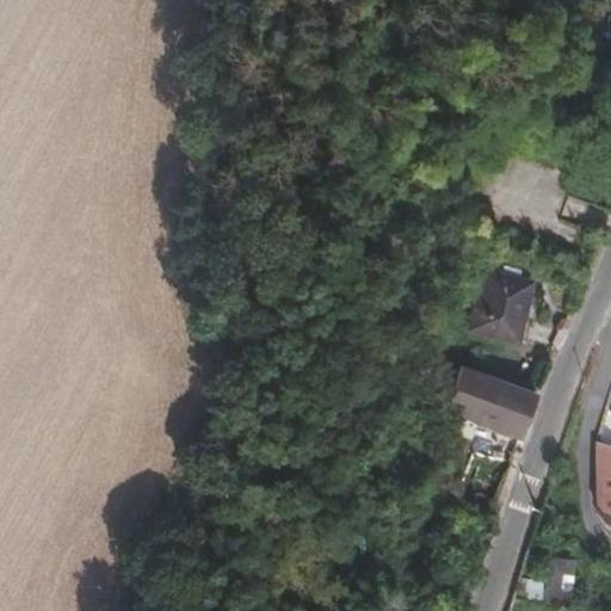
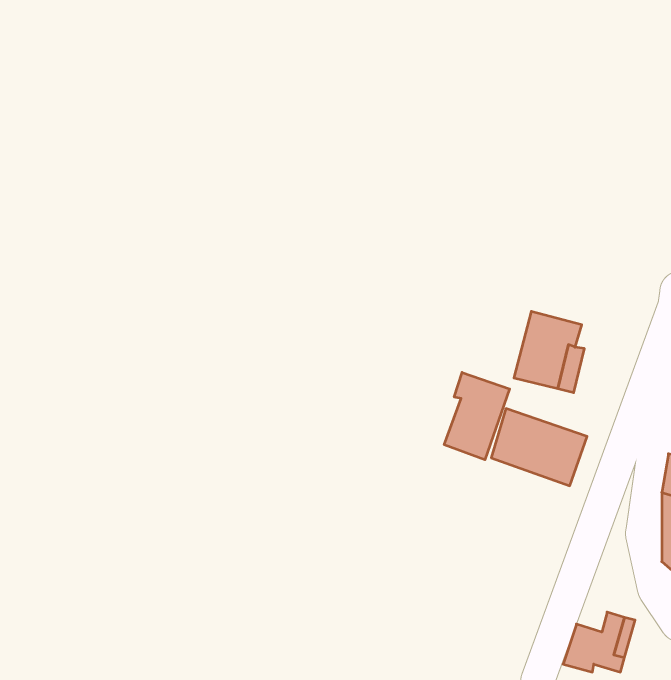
building: none -> [444,372,510,460]

